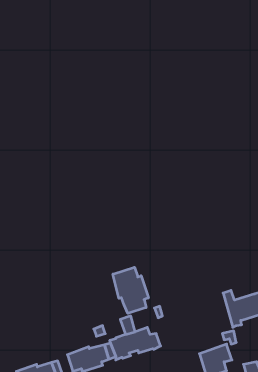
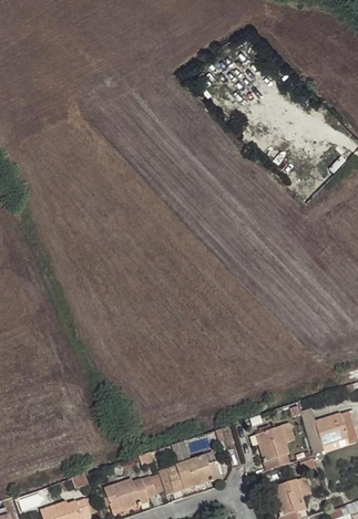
building: [113,267,148,313] -> none
building: none -> [257,422,295,470]

